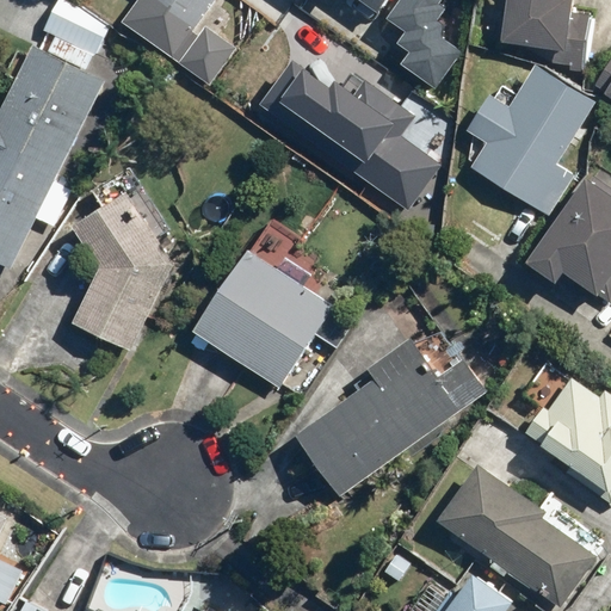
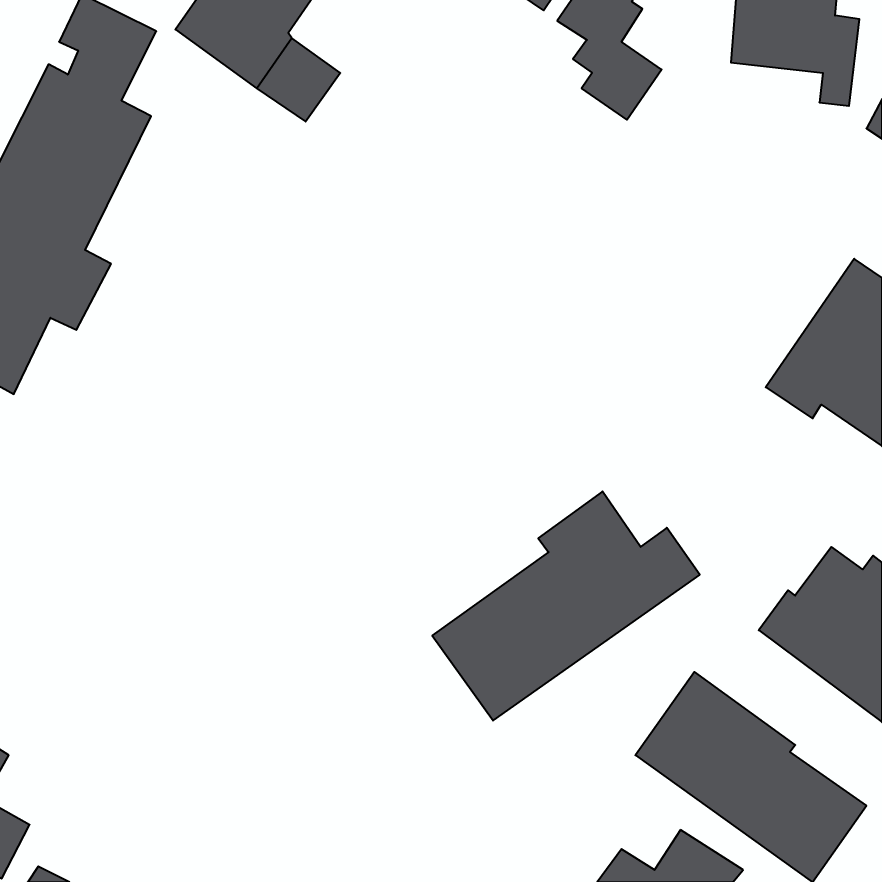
building: [255,58,436,204] -> none
building: [468,66,595,218] -> none
building: [73,192,175,352] -> none
building: [190,247,351,385] -> none

